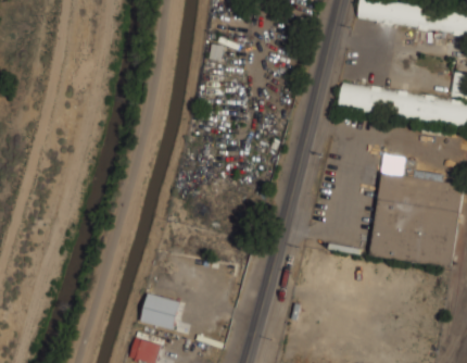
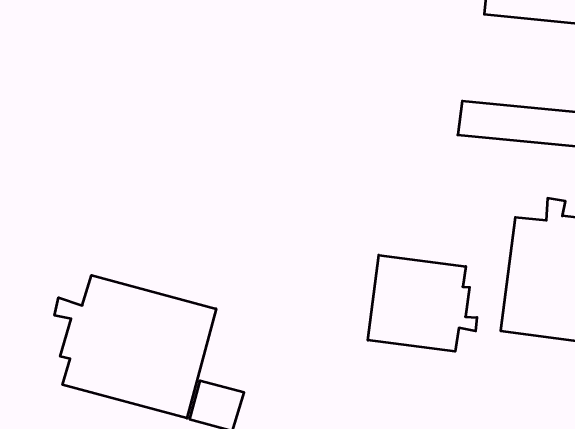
building: none -> [368,255,477,351]
building: none -> [55,275,216,418]

